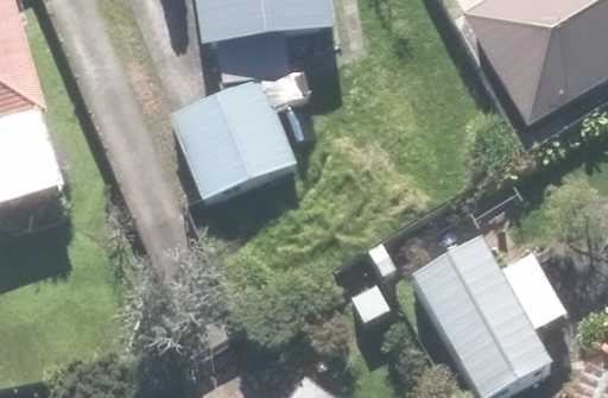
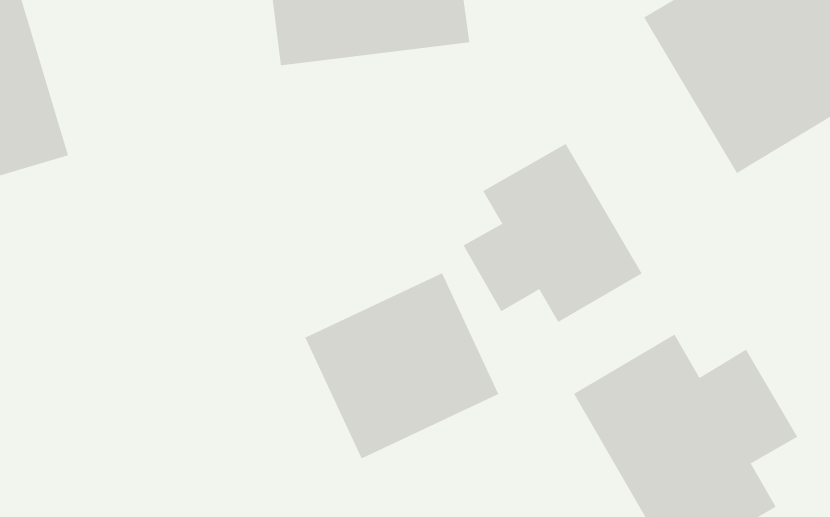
building: [164,74,303,207] -> [304,273,499,459]
building: none -> [463,143,642,323]

